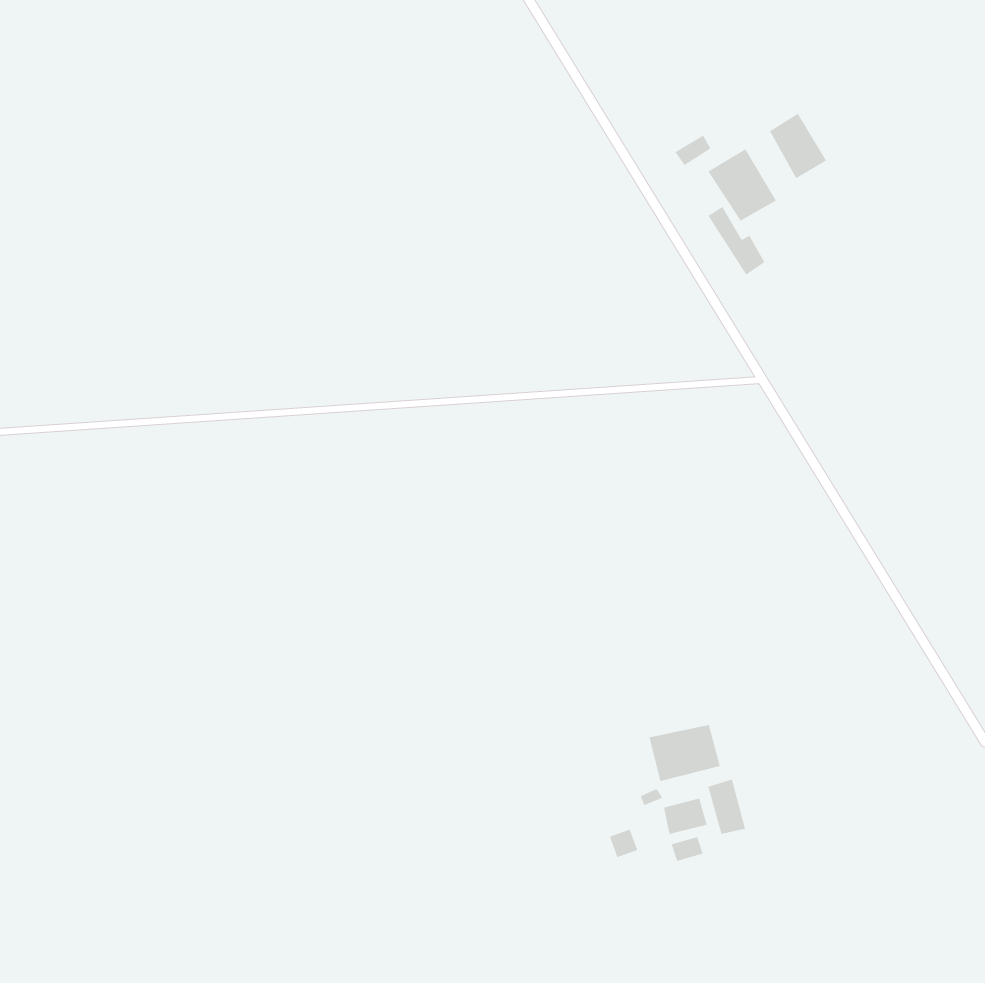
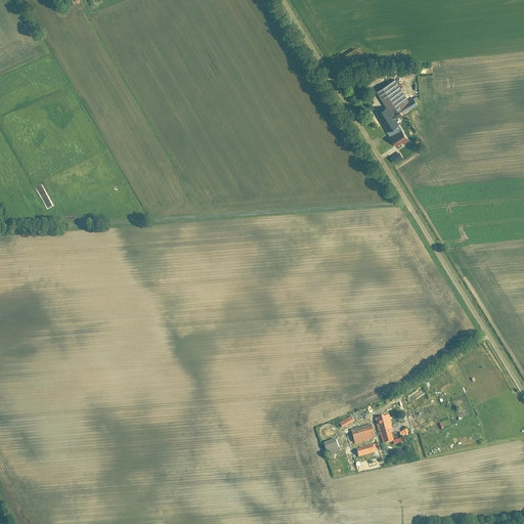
building: [769,113,827,179] -> none
building: [649,724,720,782] -> none

